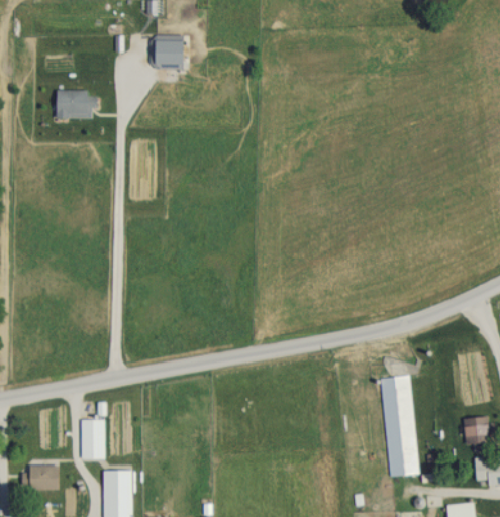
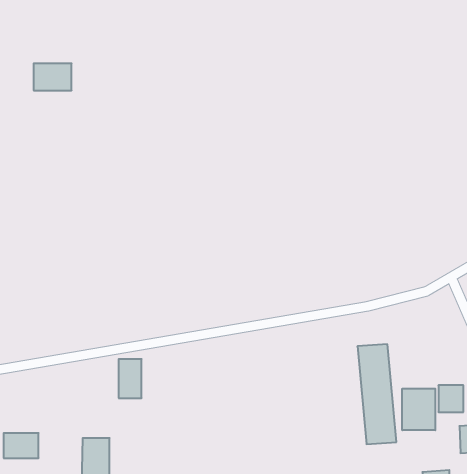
building: [151,36,183,70] -> none
building: [81,419,104,458] -> [119,359,142,398]
building: none -> [402,389,435,430]

